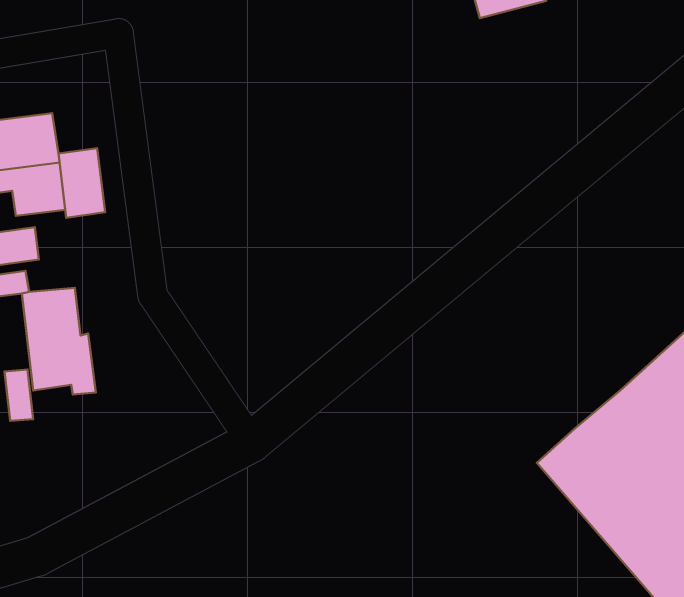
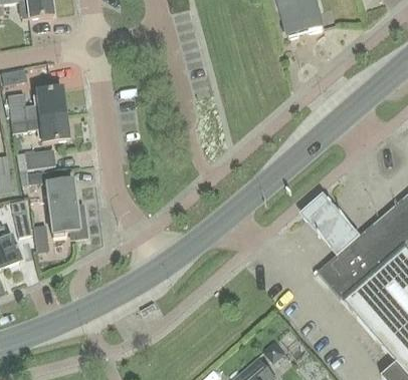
building: [59,148,105,218] -> none
building: none -> [302,192,362,254]

